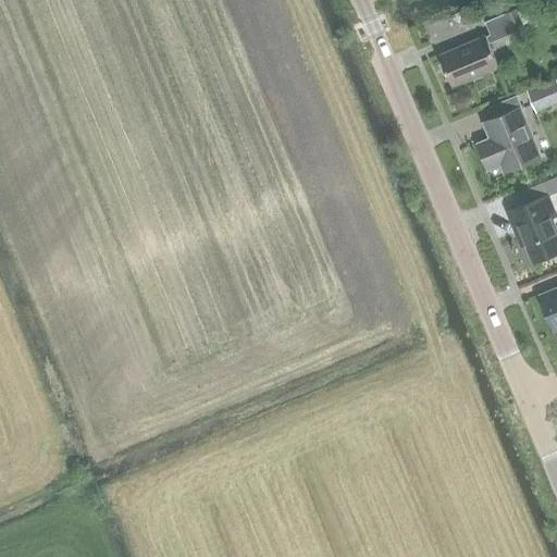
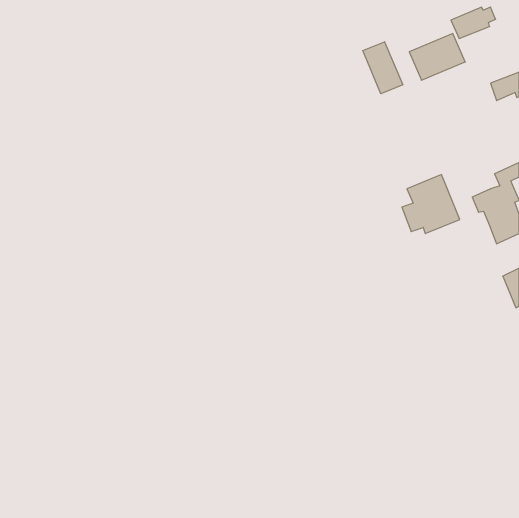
building: none -> [363,42,403,94]
building: [478,109,540,172] -> [402,175,460,234]

